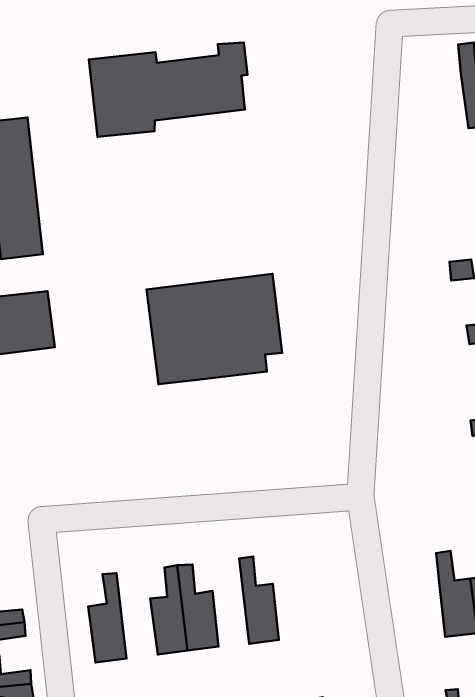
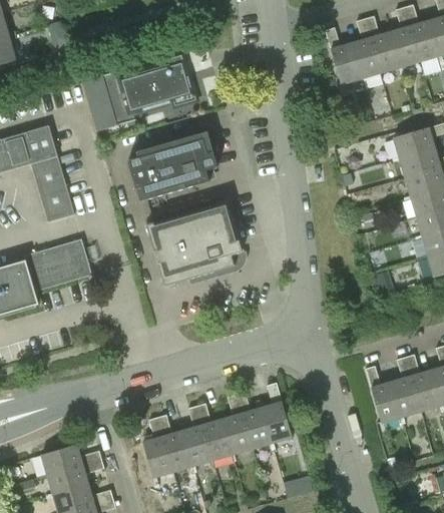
building: none -> [126,133,219,203]
building: none -> [261,382,292,443]
building: none -> [221,394,252,454]
building: none -> [156,414,192,472]

